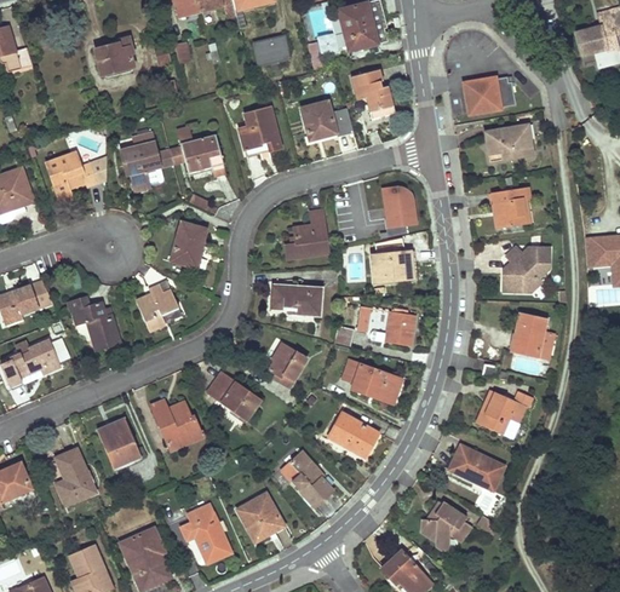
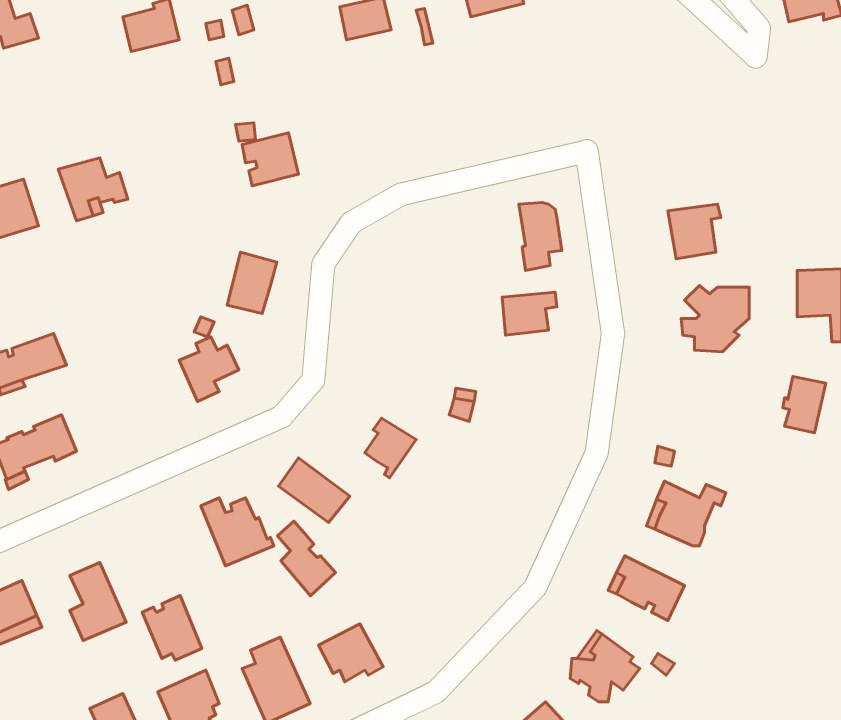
building: [350,69,392,117] -> none
building: [469,76,515,111] -> none
building: [300,102,352,139] -> none
building: [237,108,280,150] -> none
building: [487,125,534,160] -> none
building: [119,132,171,190] -> none
building: [285,209,328,257] -> none
building: [270,284,321,315] -> none
building: [64,297,119,351] -> none
building: [356,305,414,345] -> none
building: [513,314,545,355] -> [783,376,826,433]
building: [341,358,400,400] -> none
building: [328,412,378,456] -> none
building: [96,416,139,464] -> [142,595,202,660]
building: [289,452,332,506] -> [277,521,335,596]

